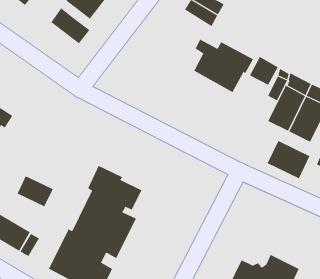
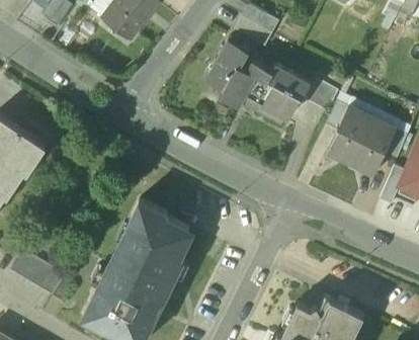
building: [50,5,90,44] -> none
building: none -> [205,38,255,107]
building: [267,140,310,179] -> none
building: [17,175,57,207] -> none

